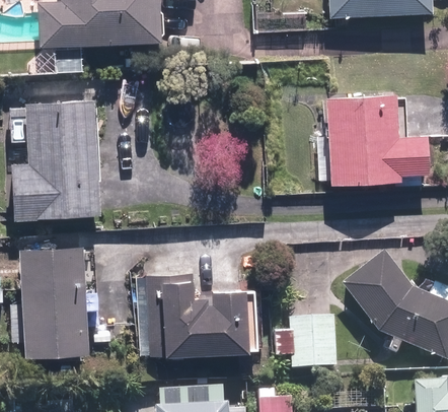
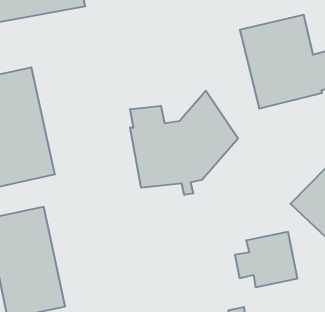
building: none -> [130,91,238,195]
building: [146,273,248,359] -> none

